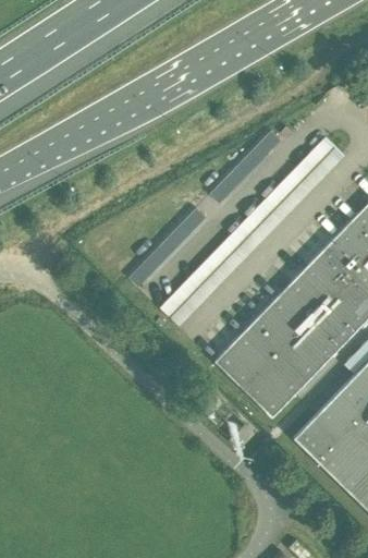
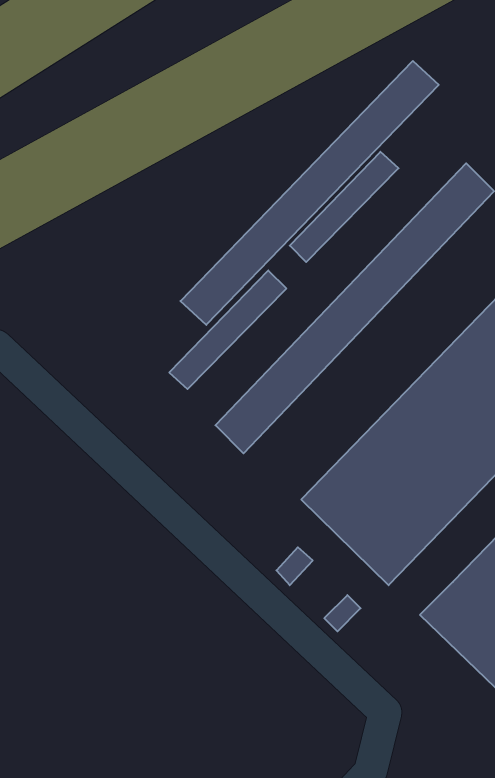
building: none -> [180,61,439,325]

